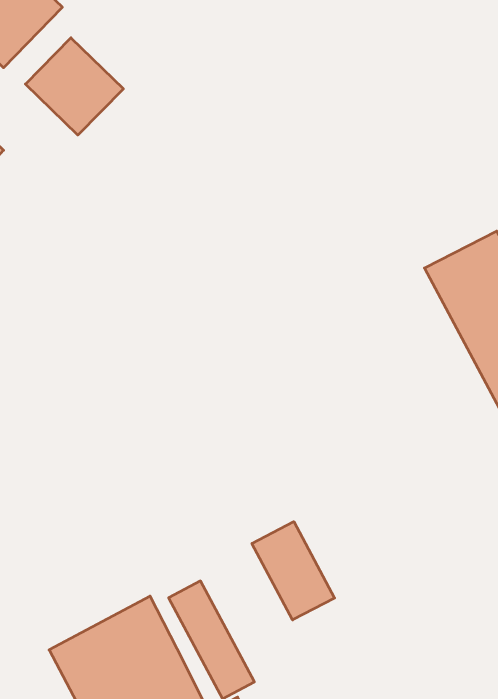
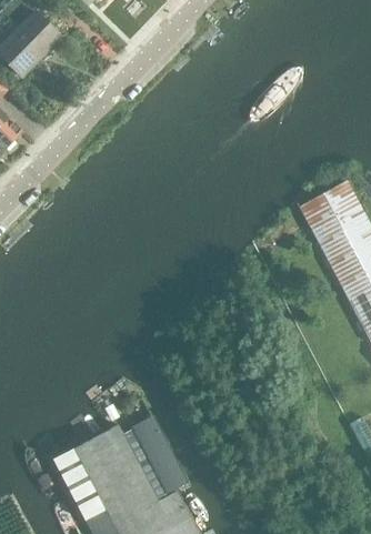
building: [25,38,123,135] -> none
building: [252,522,335,620] -> none

